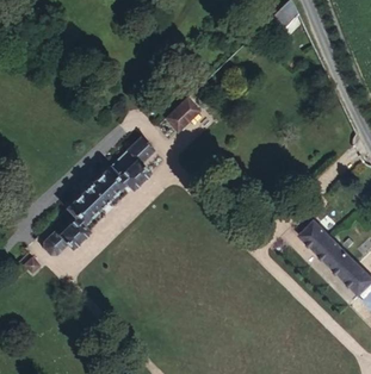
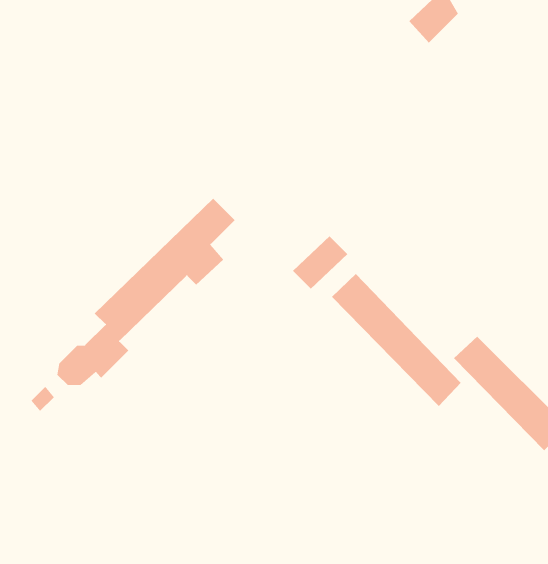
building: [165,96,200,131] -> [292,235,348,289]
building: none -> [331,273,461,407]

